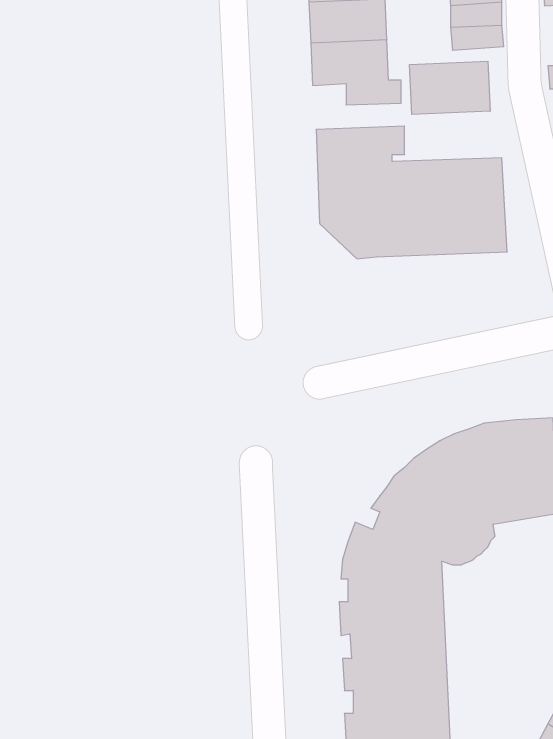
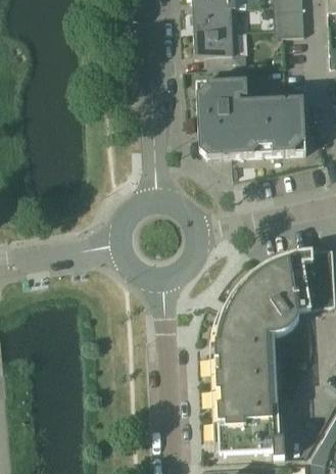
building: [410,61,490,114] -> none

